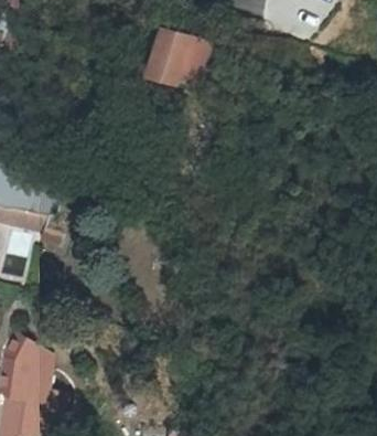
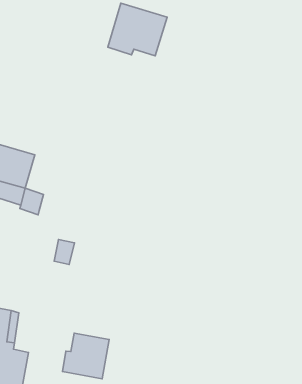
building: none -> [63,333,109,379]

